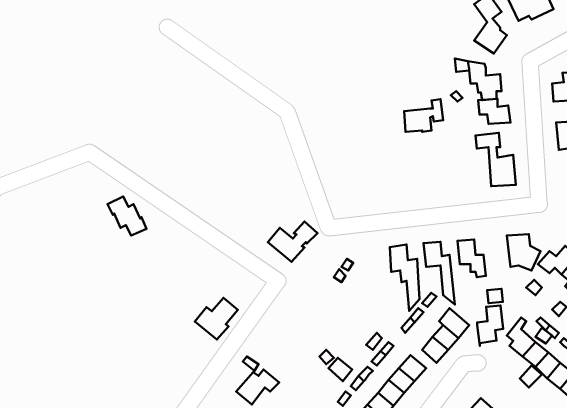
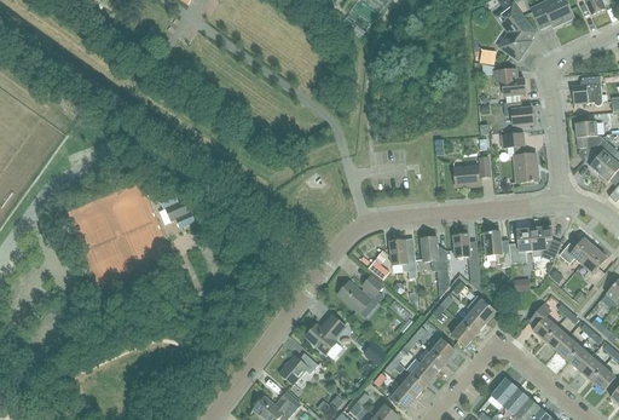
building: [404,99,443,132] -> [453,156,490,186]
building: [268,221,317,262] -> [337,275,383,312]
building: none -> [389,240,417,277]
building: [195,298,238,340] -> [305,315,345,353]
building: [477,306,503,346] -> [508,228,532,265]

